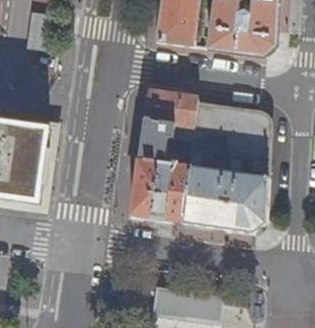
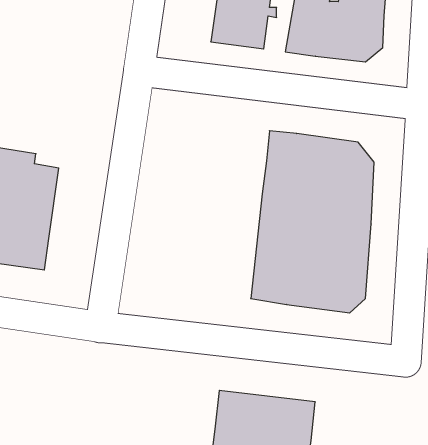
building: [127,89,195,221] -> none

